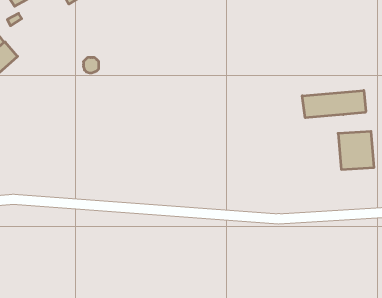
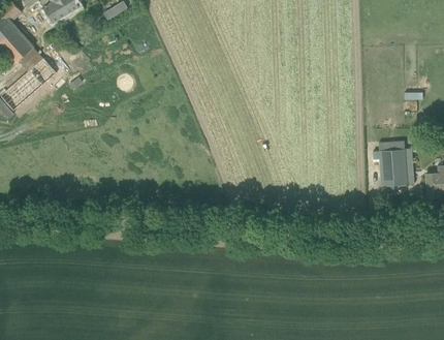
building: [302,90,366,118] -> none

